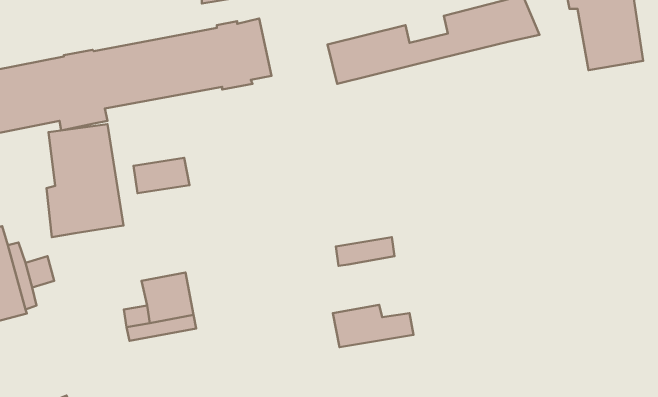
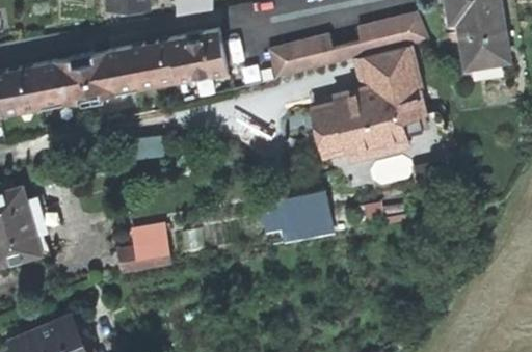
building: none -> [312,46,429,167]
building: [47,124,123,237] -> none
building: [333,305,413,347] -> [285,209,346,241]

